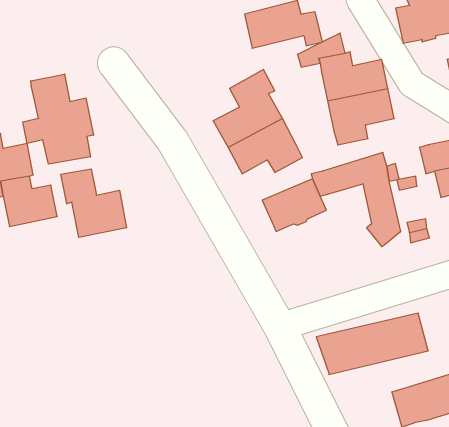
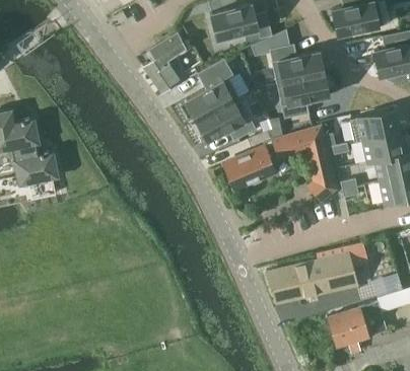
building: none -> [144,32,187,92]
building: [23,74,93,164] -> none
building: [61,169,126,237] -> none

